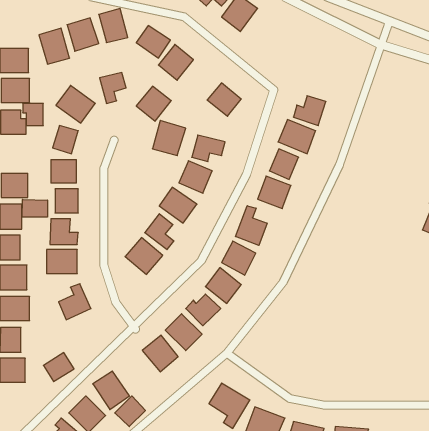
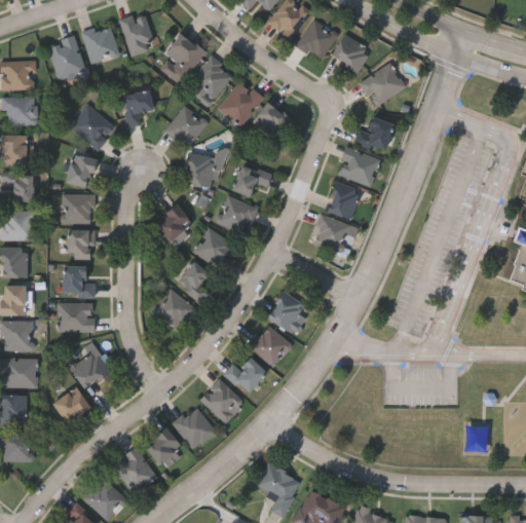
building: none -> [296,17,338,61]
building: none -> [330,33,371,73]
building: none -> [360,62,406,107]
building: none -> [219,80,263,125]
building: [23,103,43,126] -> [7,175,32,201]
building: none -> [155,204,192,247]
building: [22,199,47,217] -> none
building: [236,206,267,245] -> none
building: [43,353,74,382] -> [52,387,89,422]
building: [115,396,145,427] -> [144,427,181,464]

